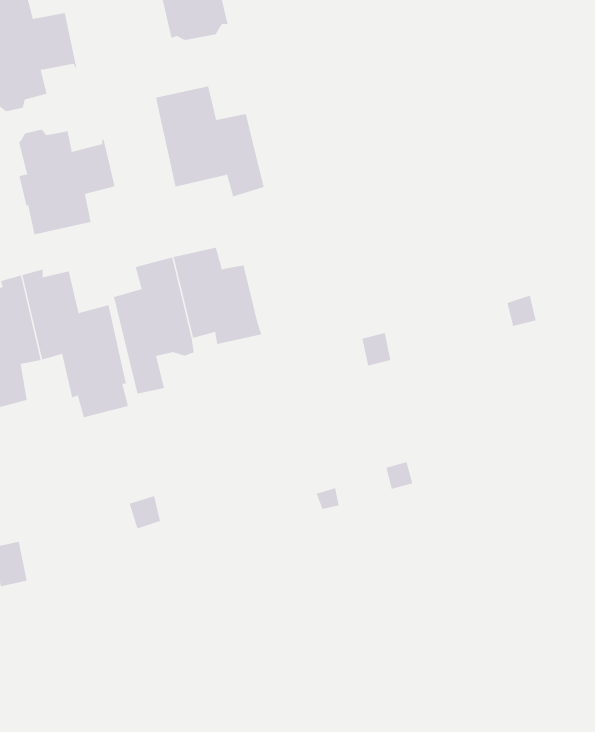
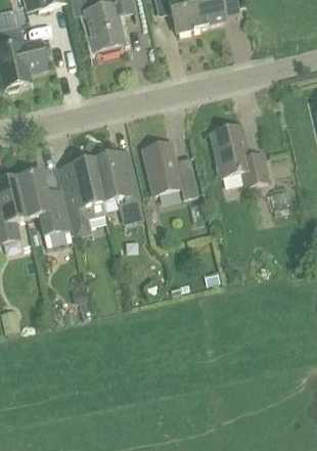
building: [155,86,264,197] -> [142,140,198,197]
building: [19,129,115,235] -> none
building: none -> [210,124,268,185]

